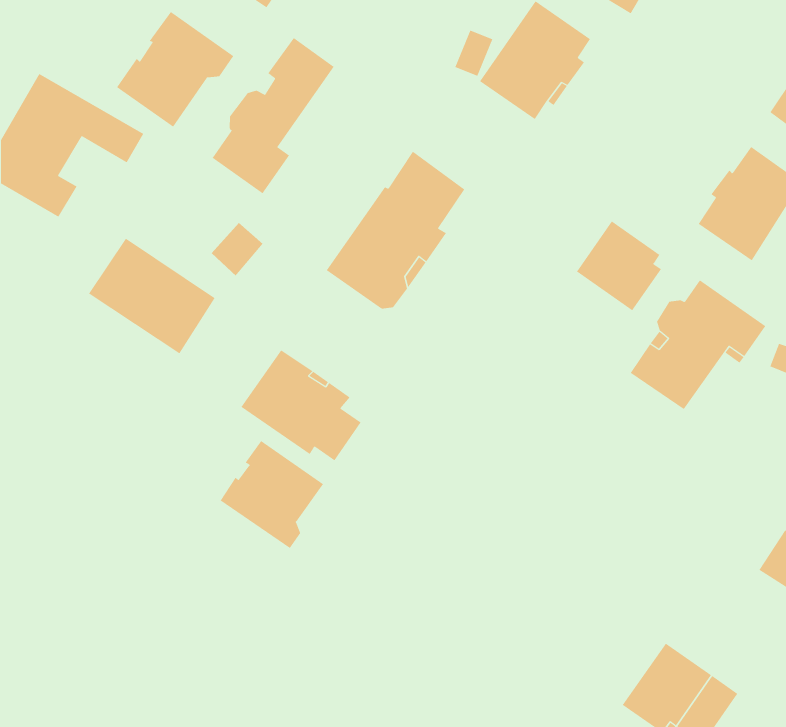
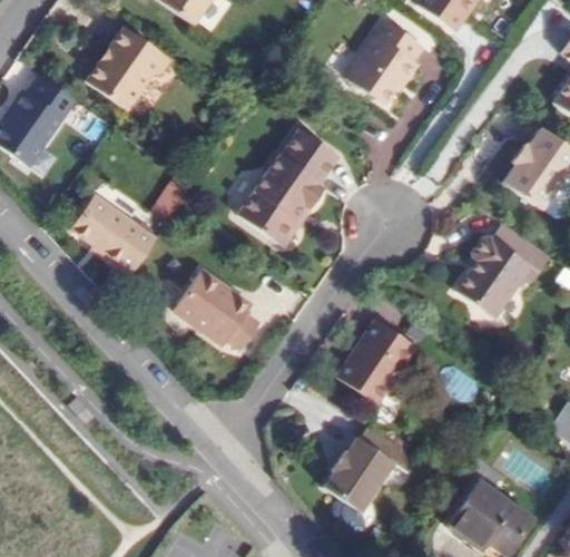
building: [212,37,334,194] -> none
building: [576,221,662,311] -> none
building: none -> [341,316,420,401]
building: [220,440,324,549] -> none
building: none -> [324,421,420,510]

